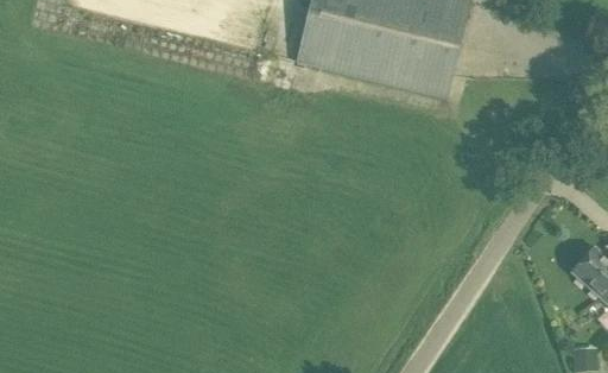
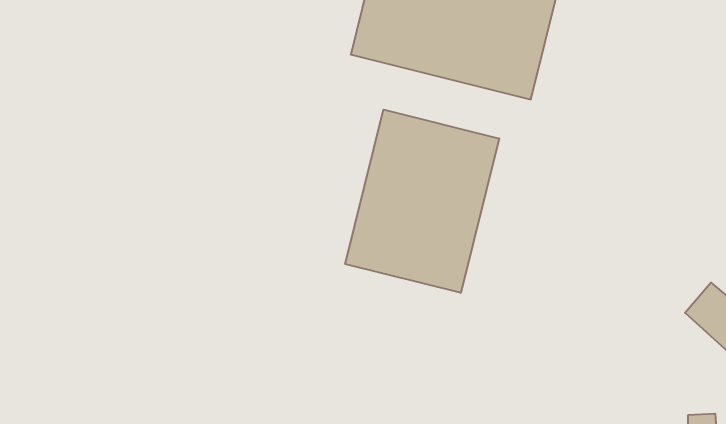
building: none -> [345,110,499,293]

